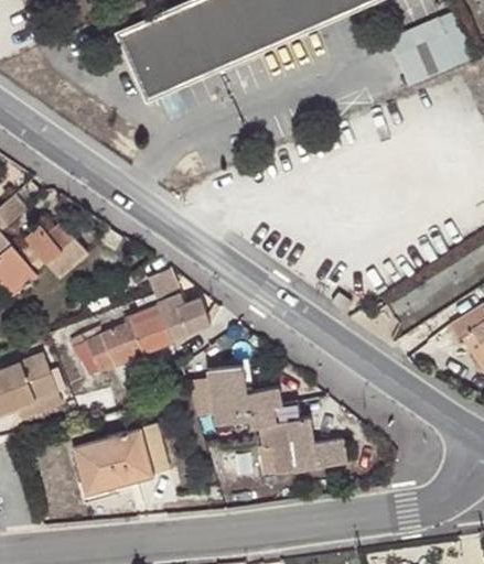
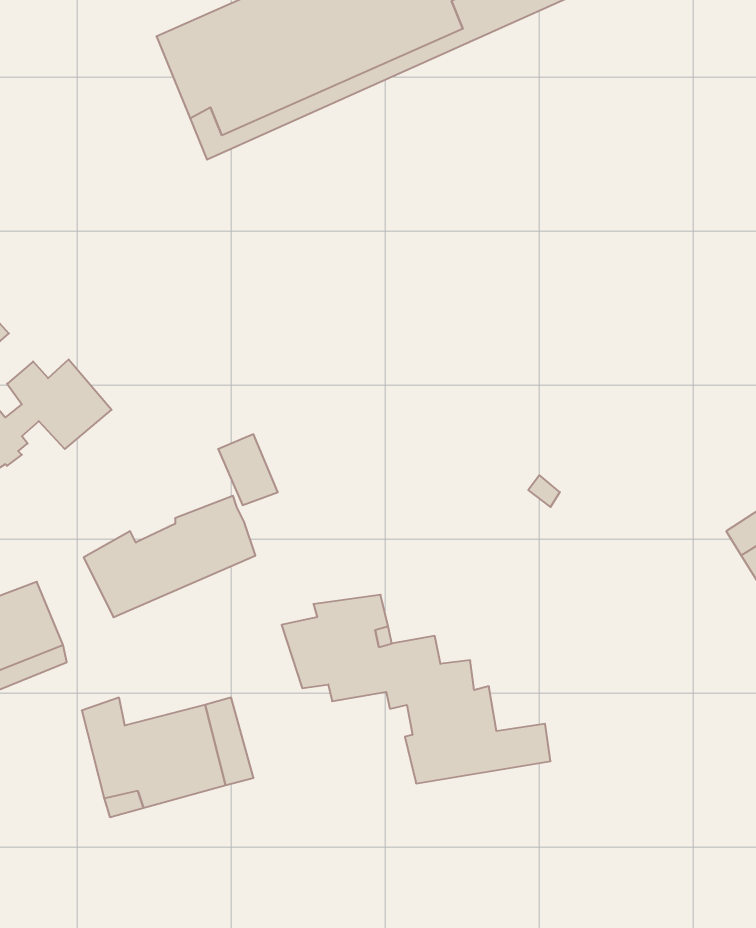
building: [396,31,461,85] -> none
building: [161,296,211,339] -> none

